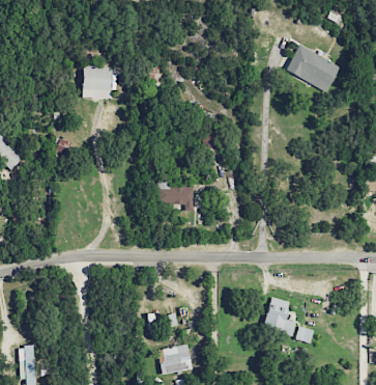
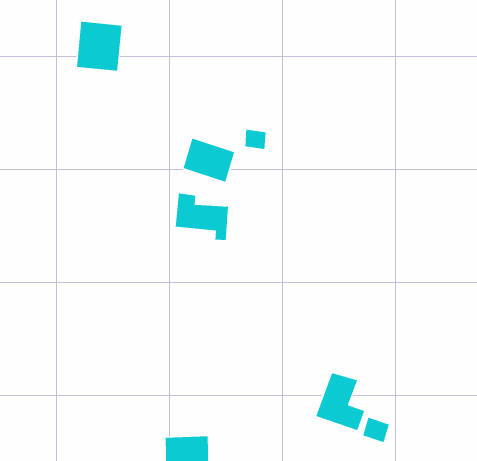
building: [286,45,341,92] -> none
building: none -> [182,138,235,183]

